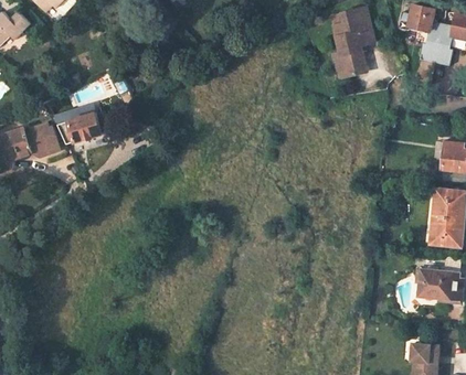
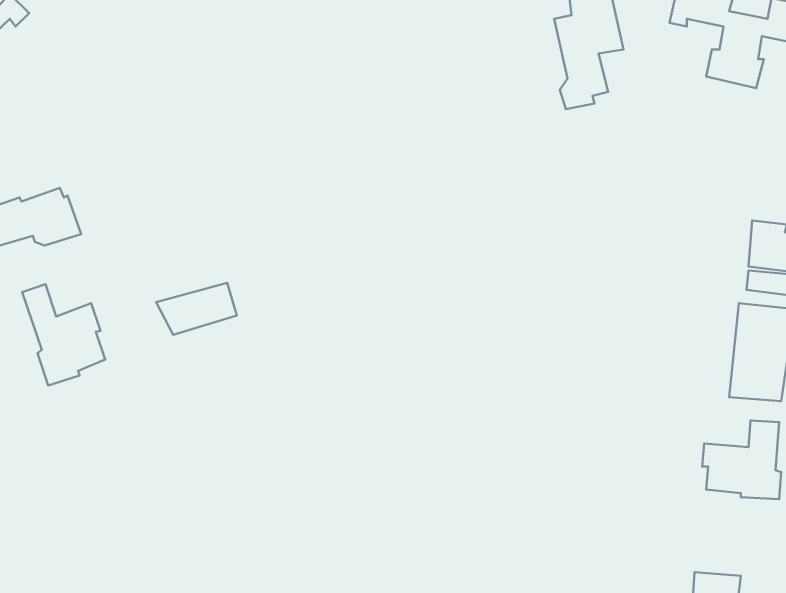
building: [55,113,102,142] -> [156,283,237,335]
building: none -> [22,284,105,385]

